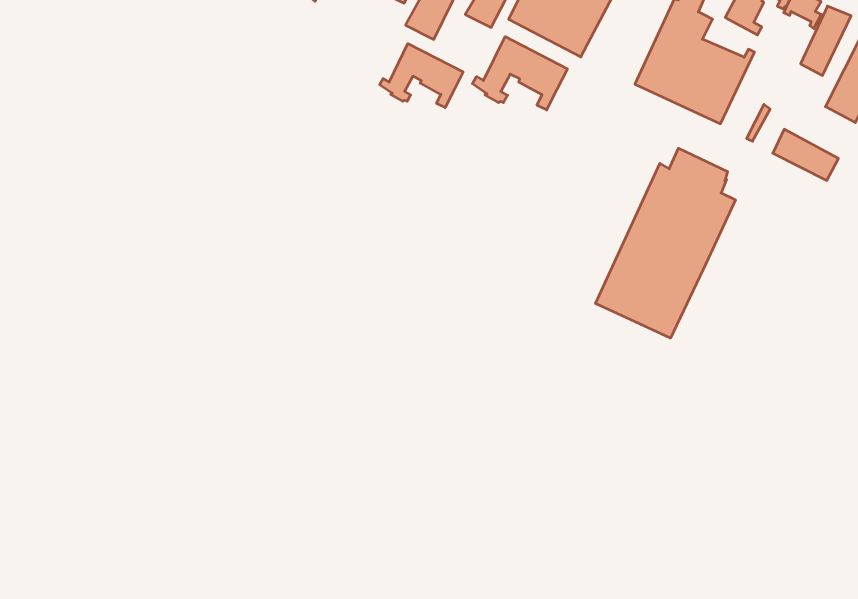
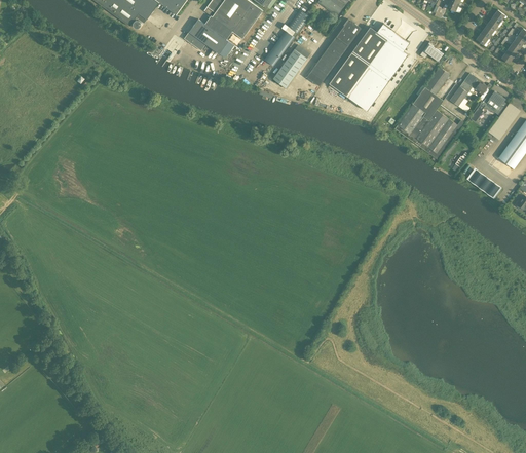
building: [472,37,567,110] -> none
building: [380,44,463,108] -> none
building: [596,148,735,338] -> none

